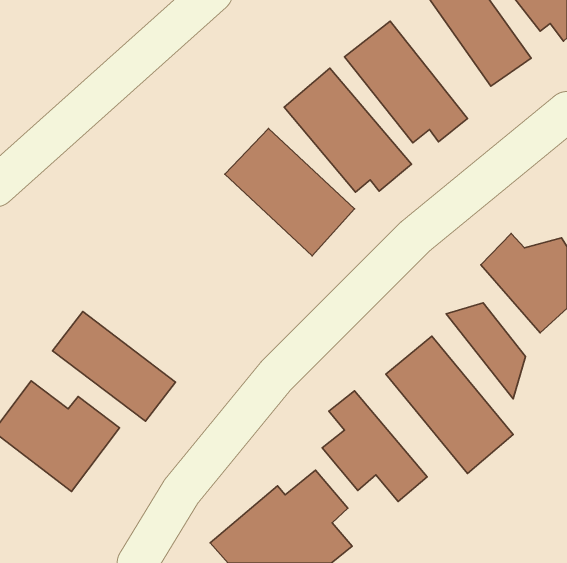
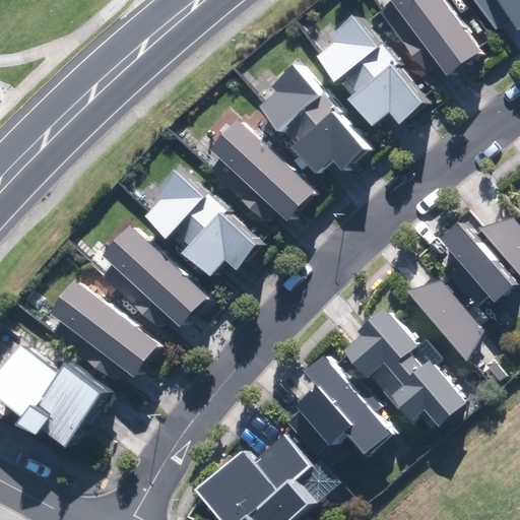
building: none -> [148,173,262,281]
building: none -> [98,223,211,331]

